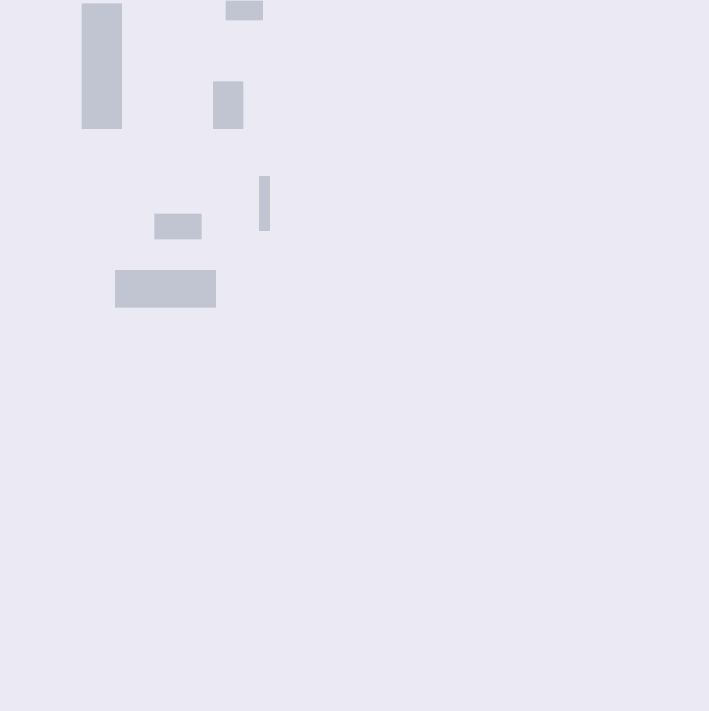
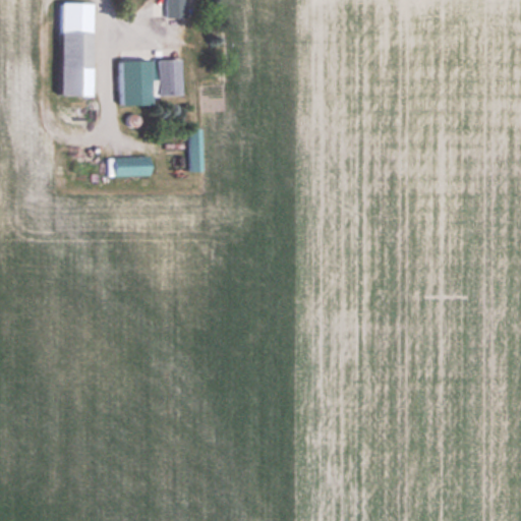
building: none -> [121,60,151,105]
building: [114,269,216,309] -> none

